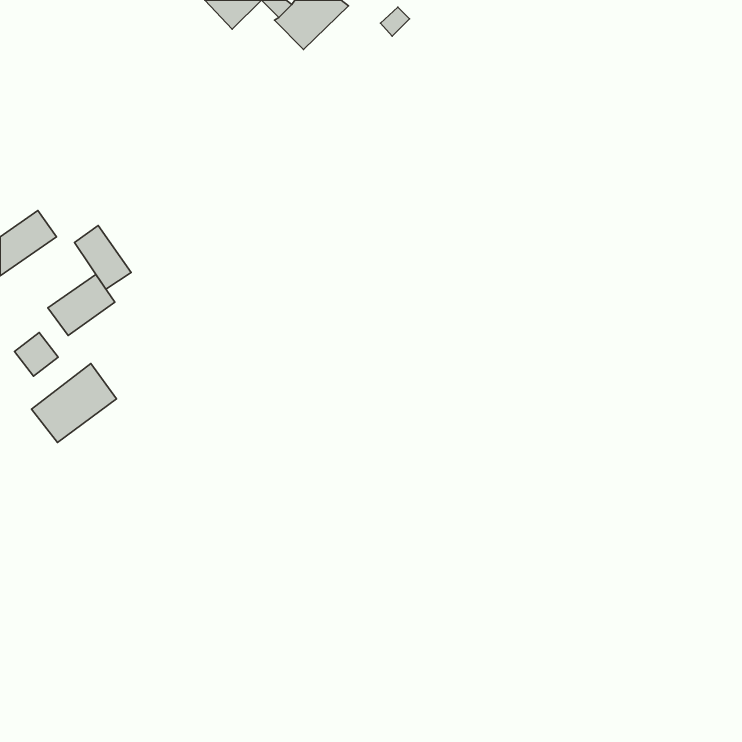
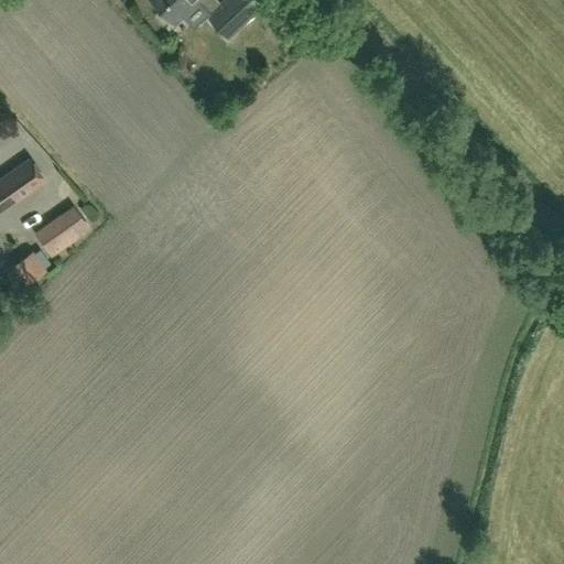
building: [74,226,131,289] -> none
building: [31,364,116,443] -> none

